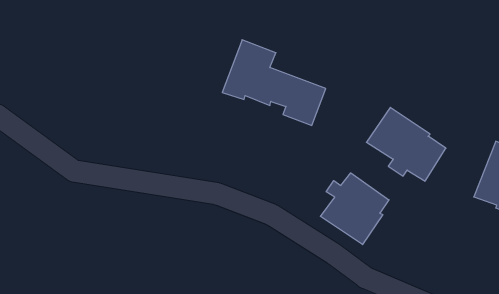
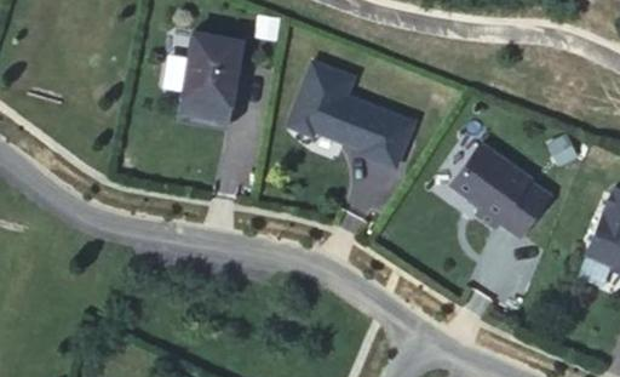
building: none -> [184,30,249,127]
building: [320,173,389,245] -> none

